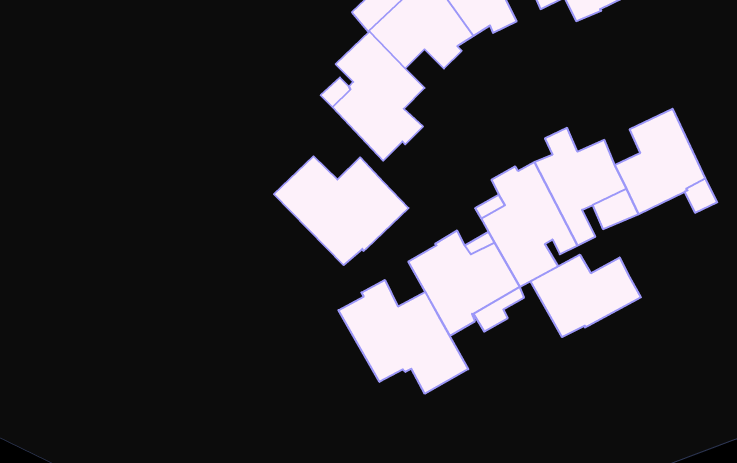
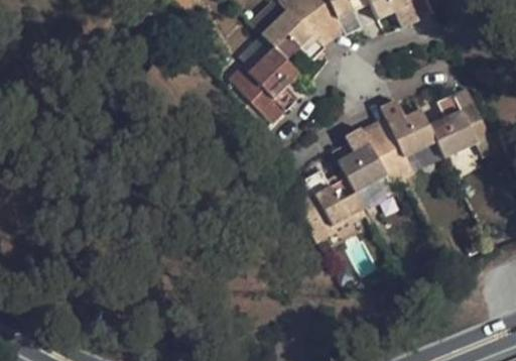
building: [274,156,409,265] -> none
building: [531,255,641,337] -> none
building: [338,280,468,394] -> none

